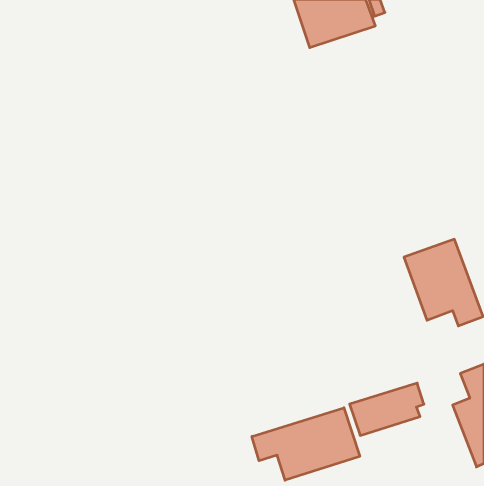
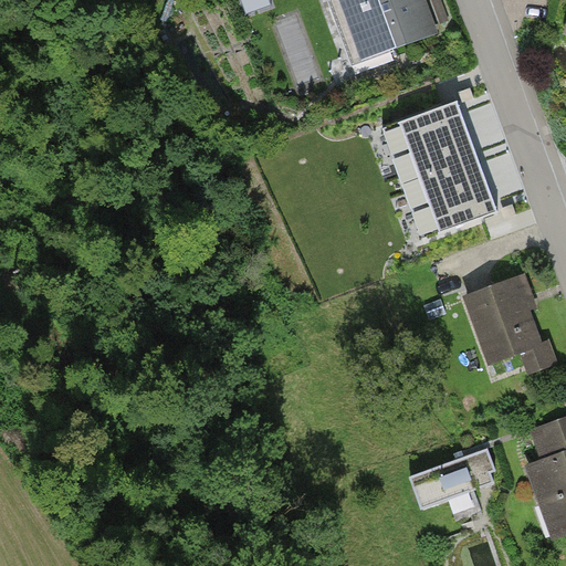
building: none -> [380,102,496,239]
building: [252,408,360,480] -> none

